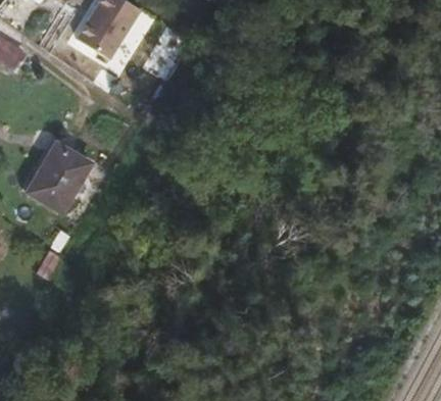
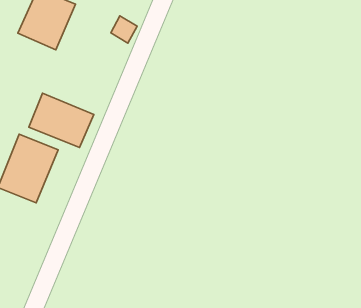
building: none -> [29,93,94,148]

